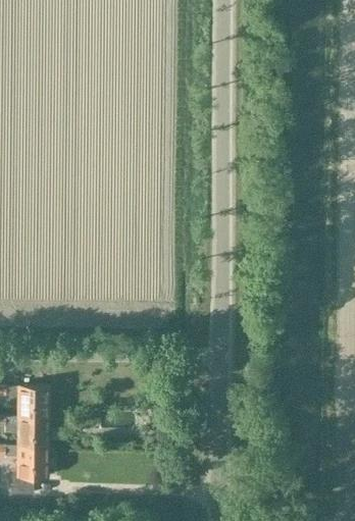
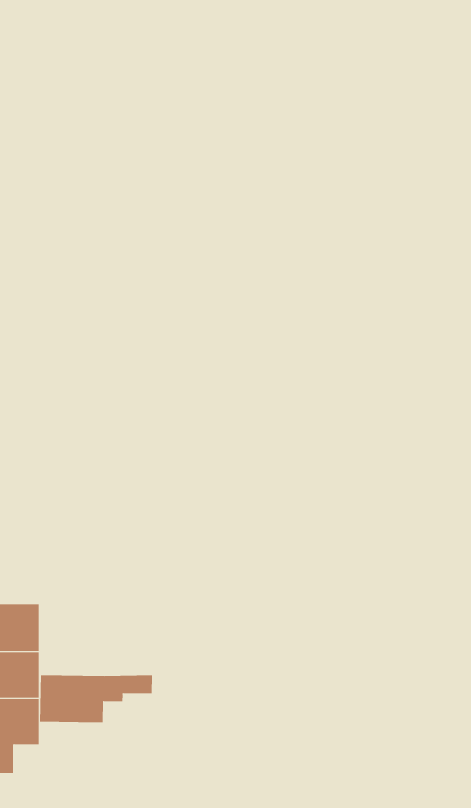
building: none -> [40,675,152,723]

